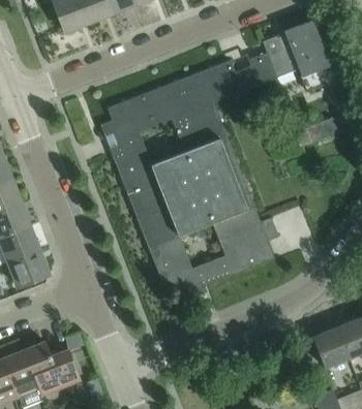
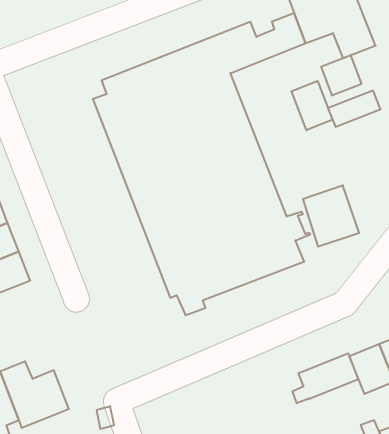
building: none -> [321,55,361,96]
building: none -> [291,81,333,130]
building: none -> [293,353,358,403]

